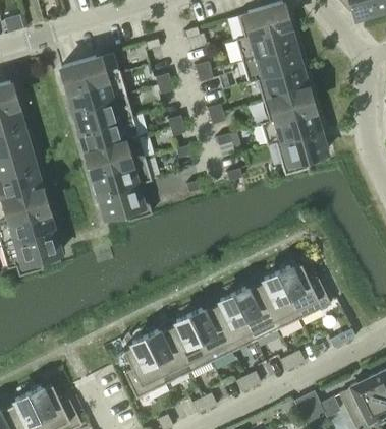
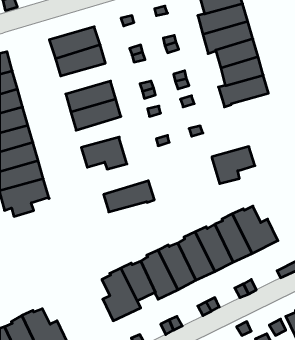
building: [74,95,133,131] -> none
building: [276,130,327,174] -> [212,147,255,184]
building: [93,158,153,194] -> [104,181,154,212]

